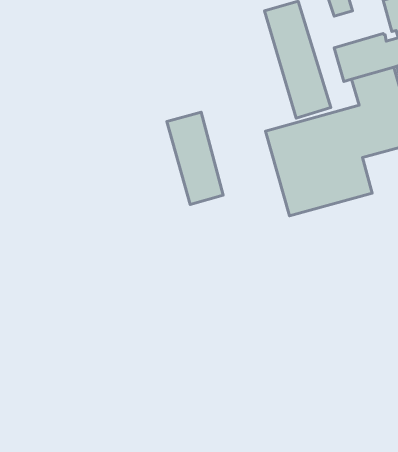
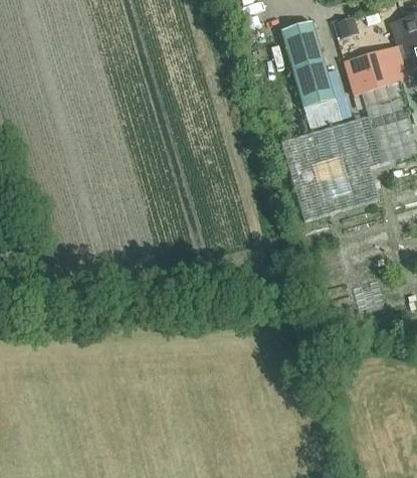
building: [167,112,223,205] -> none

